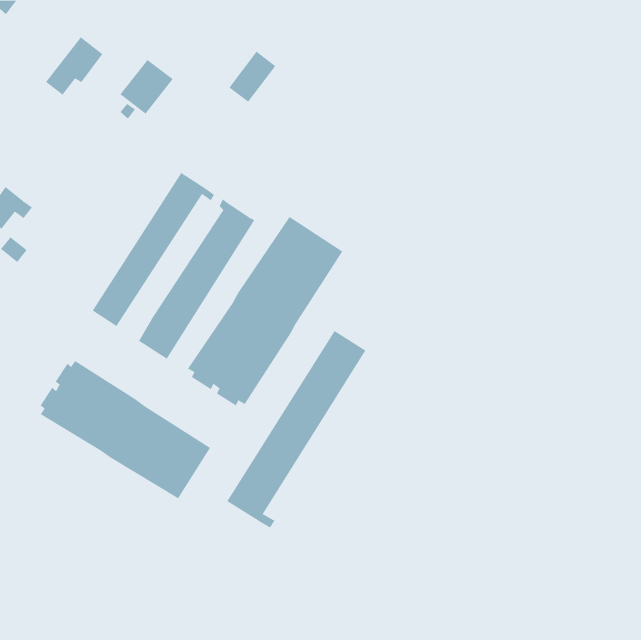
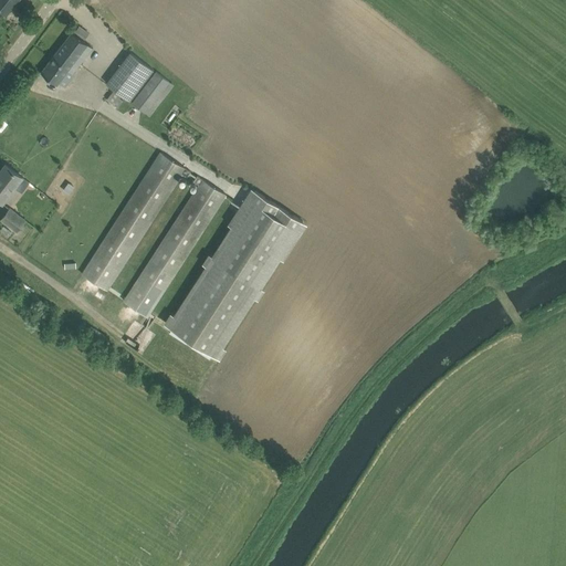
building: [228,51,276,103] -> [130,73,172,118]
building: [227,330,366,528] -> none
building: [40,360,211,499] -> none

